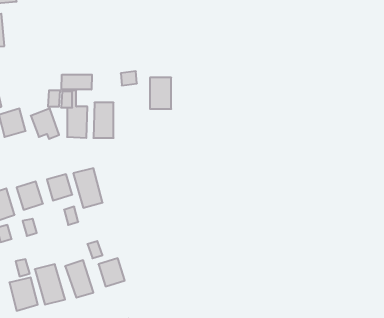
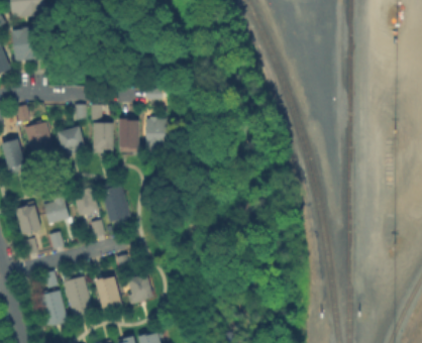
building: [61,75,92,90] -> none
building: [150,78,171,109] -> [147,118,169,149]

